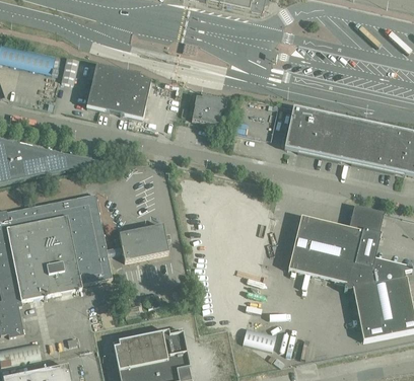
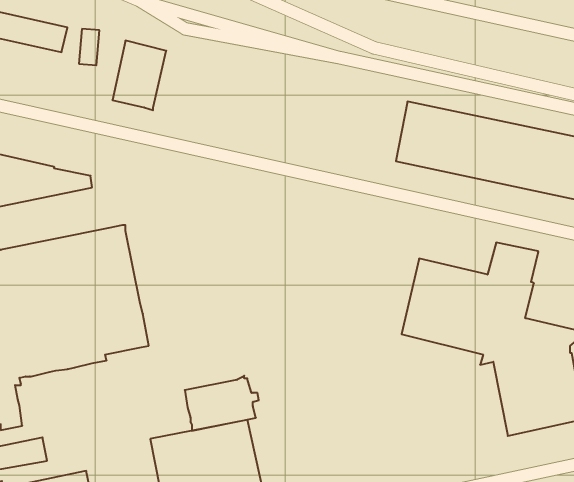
building: [115,70,150,118] -> none
building: [192,93,228,124] -> none
building: [119,221,170,259] -> [185,376,259,431]

